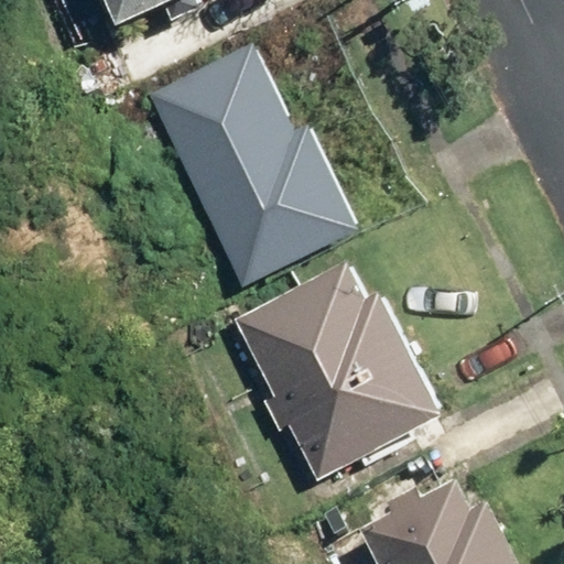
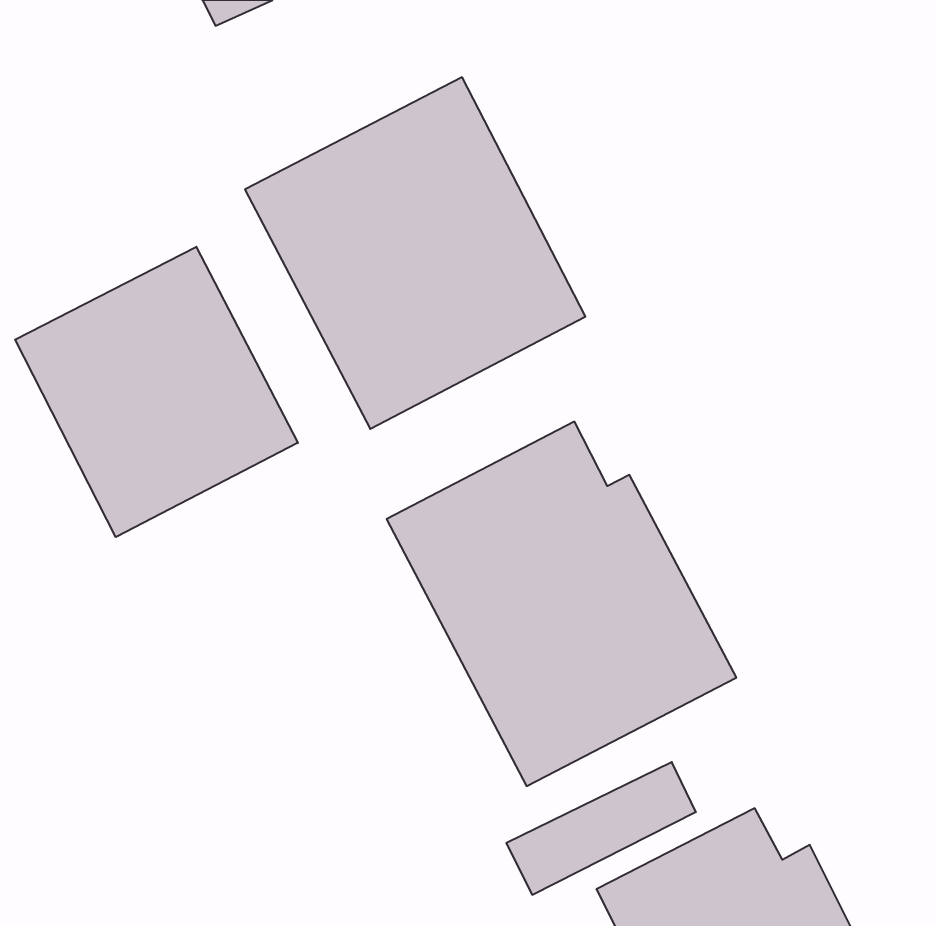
building: none -> [15,247,298,537]

